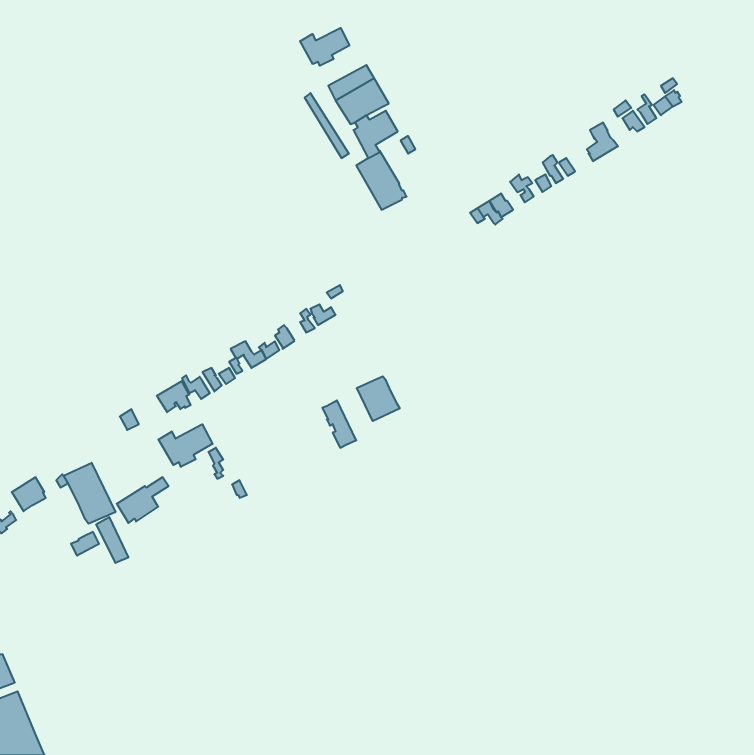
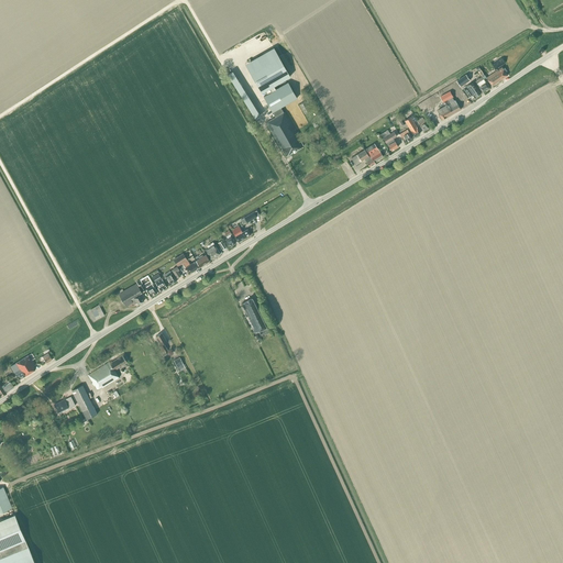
building: [300,28,349,66] -> none
building: [357,376,400,421] -> none
building: [158,424,213,467] -> none
building: [64,463,115,524] -> none

